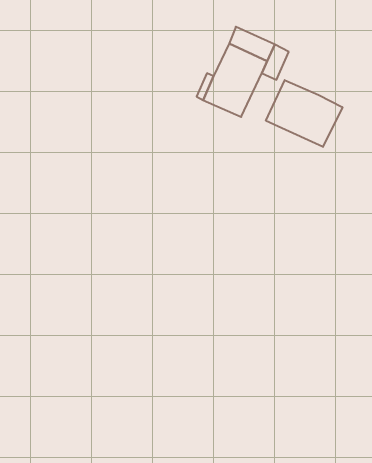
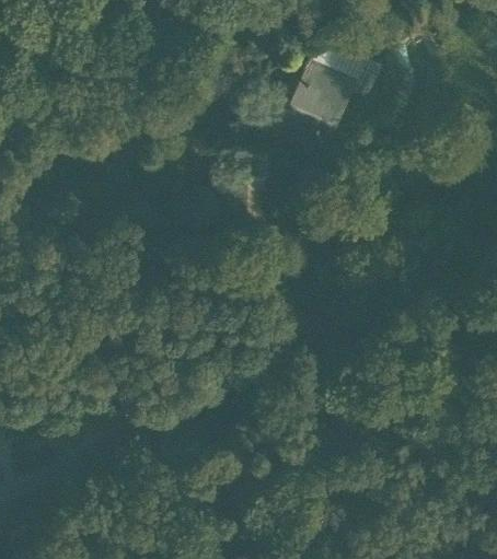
building: [266,80,342,147] -> none

